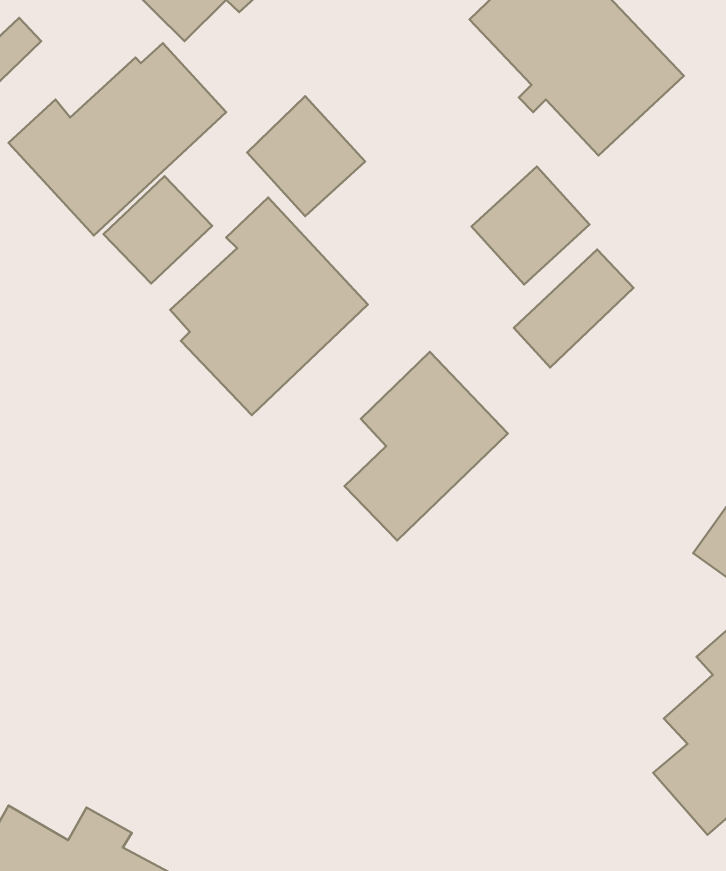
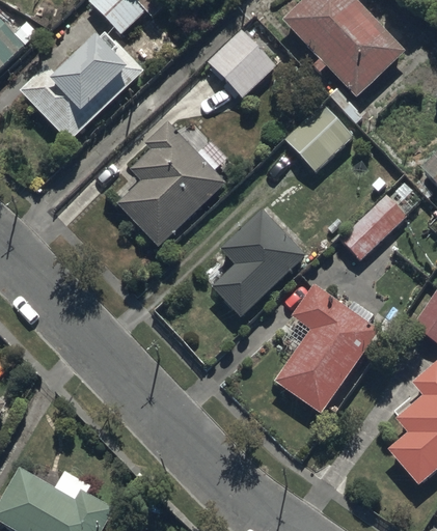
building: [247,96,365,216] -> [208,28,275,96]
building: [104,176,212,284] -> none
building: [514,250,634,368] -> [339,190,408,257]
building: none -> [273,284,379,415]

